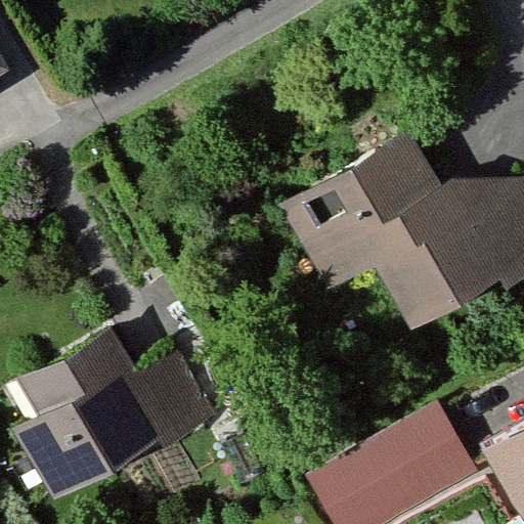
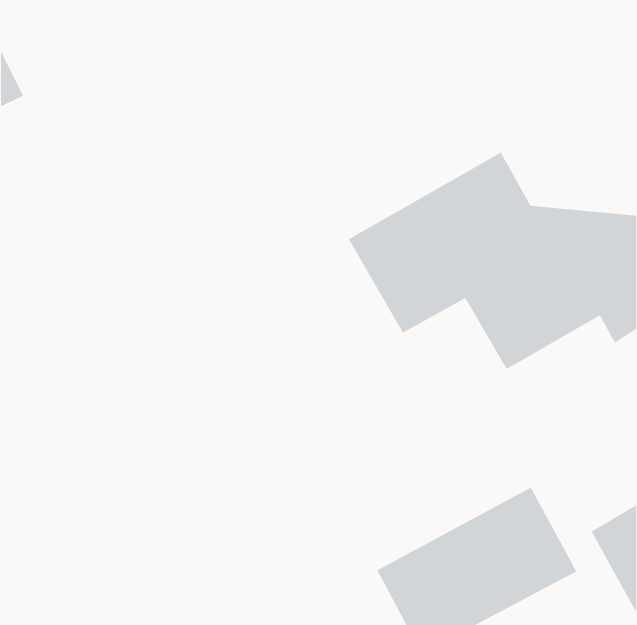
building: [14,330,210,499] -> none

